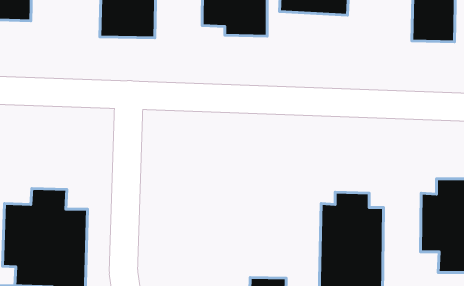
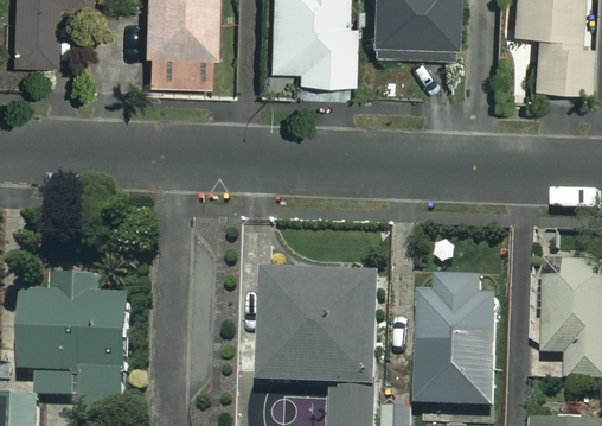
building: none -> [258,269,379,384]

